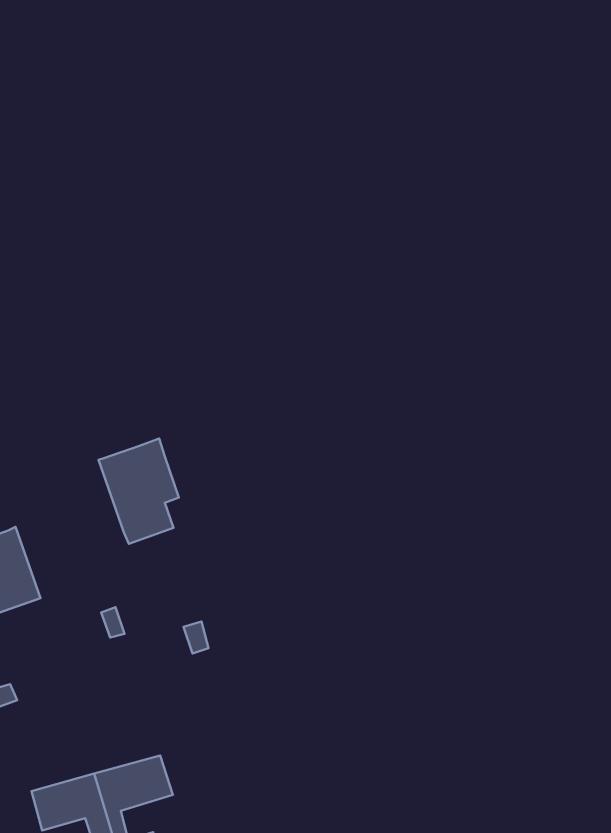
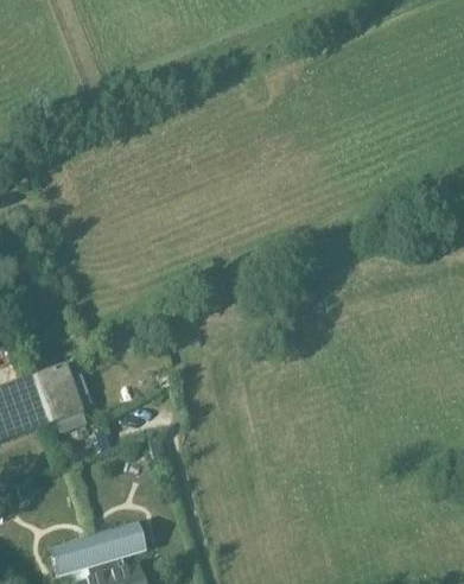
building: [99,439,179,544] -> [38,358,91,429]

